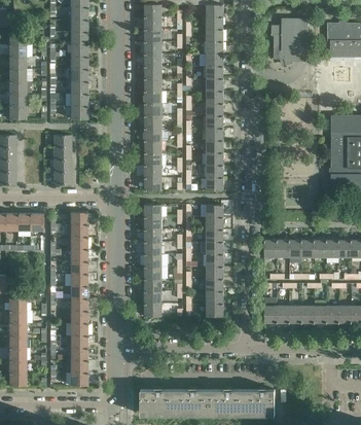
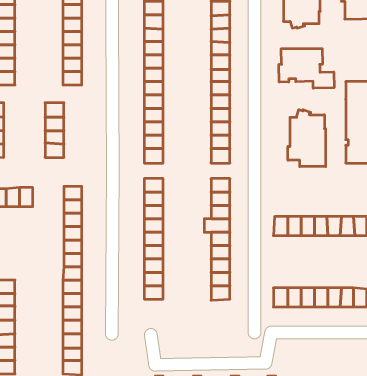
building: none -> [279,49,334,88]
building: none -> [288,110,326,167]

